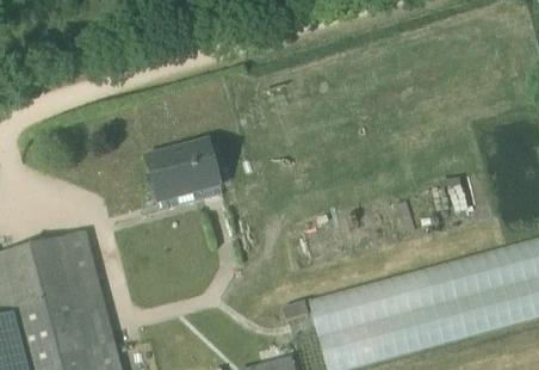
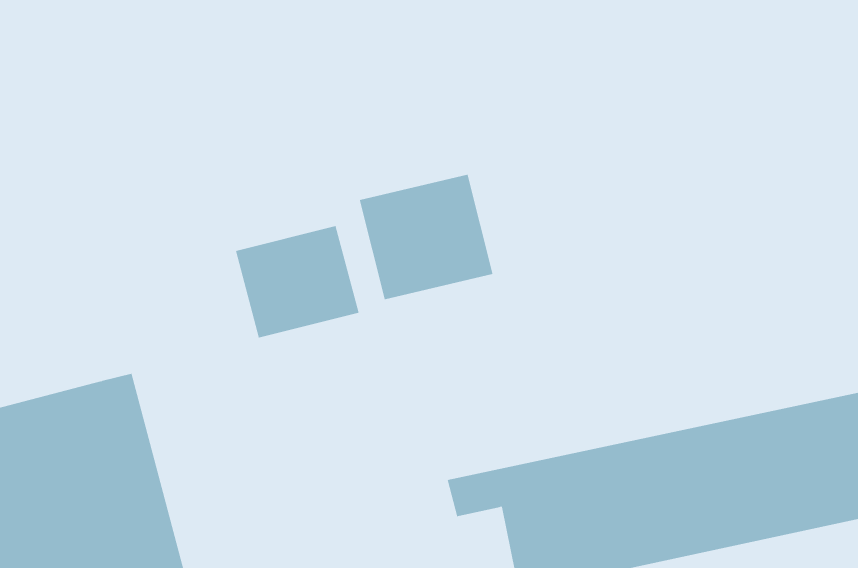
building: none -> [359,174,493,300]

